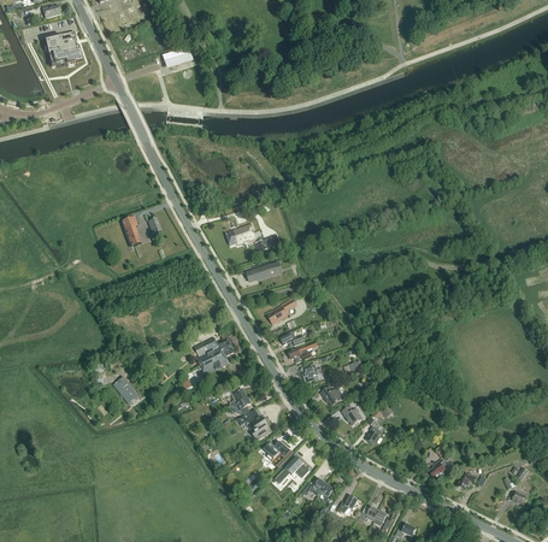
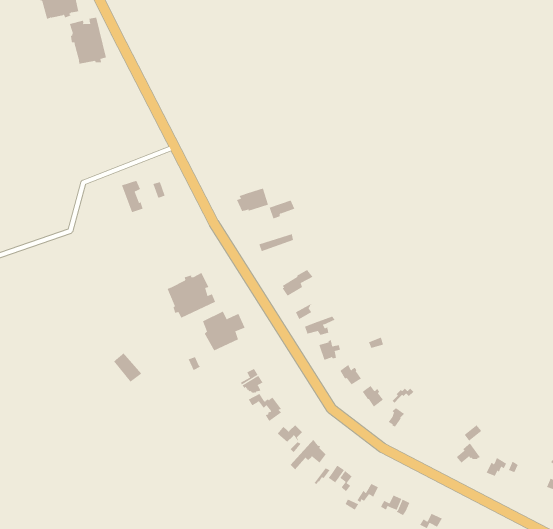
building: none -> [69,17,106,64]
building: none -> [167,272,216,319]

